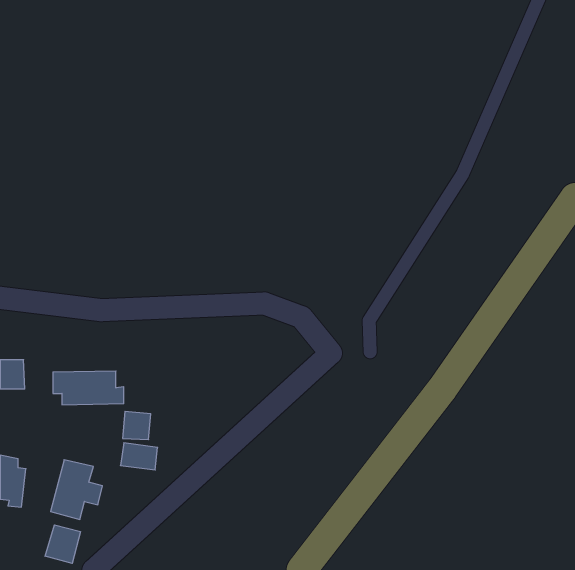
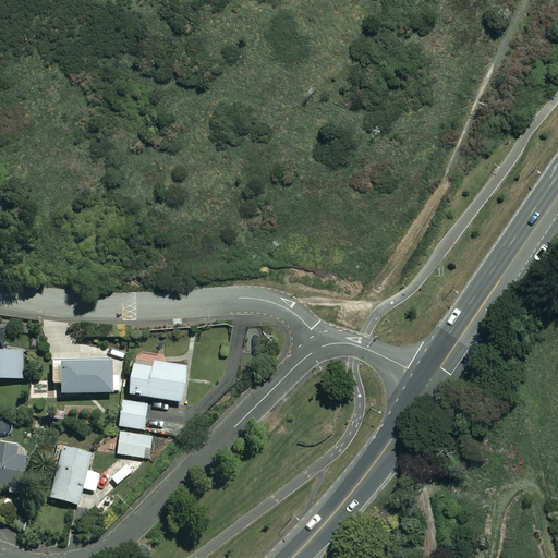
building: none -> [128,360,185,400]
building: [45,525,80,563] -> none

